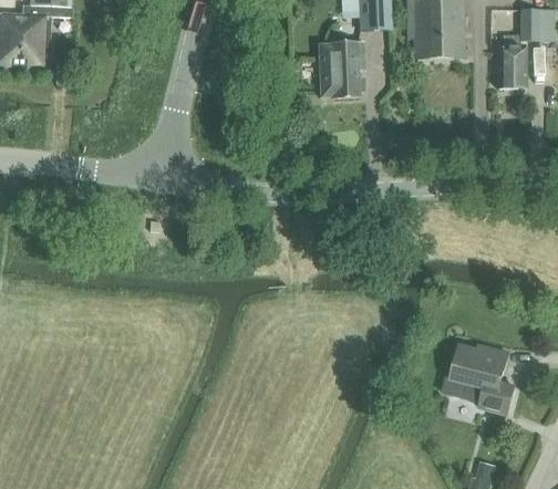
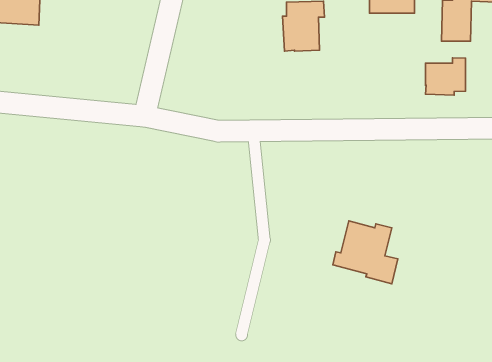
building: none -> [425,58,465,95]
building: [443,342,515,412] -> [333,221,398,284]

